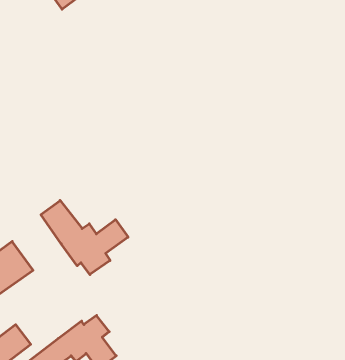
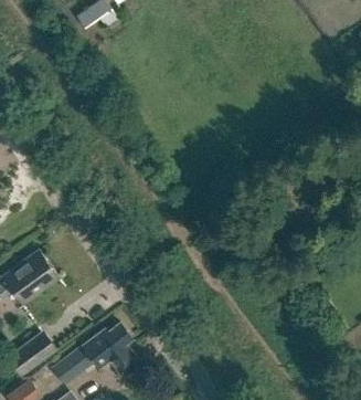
building: [41,200,128,275] -> none

